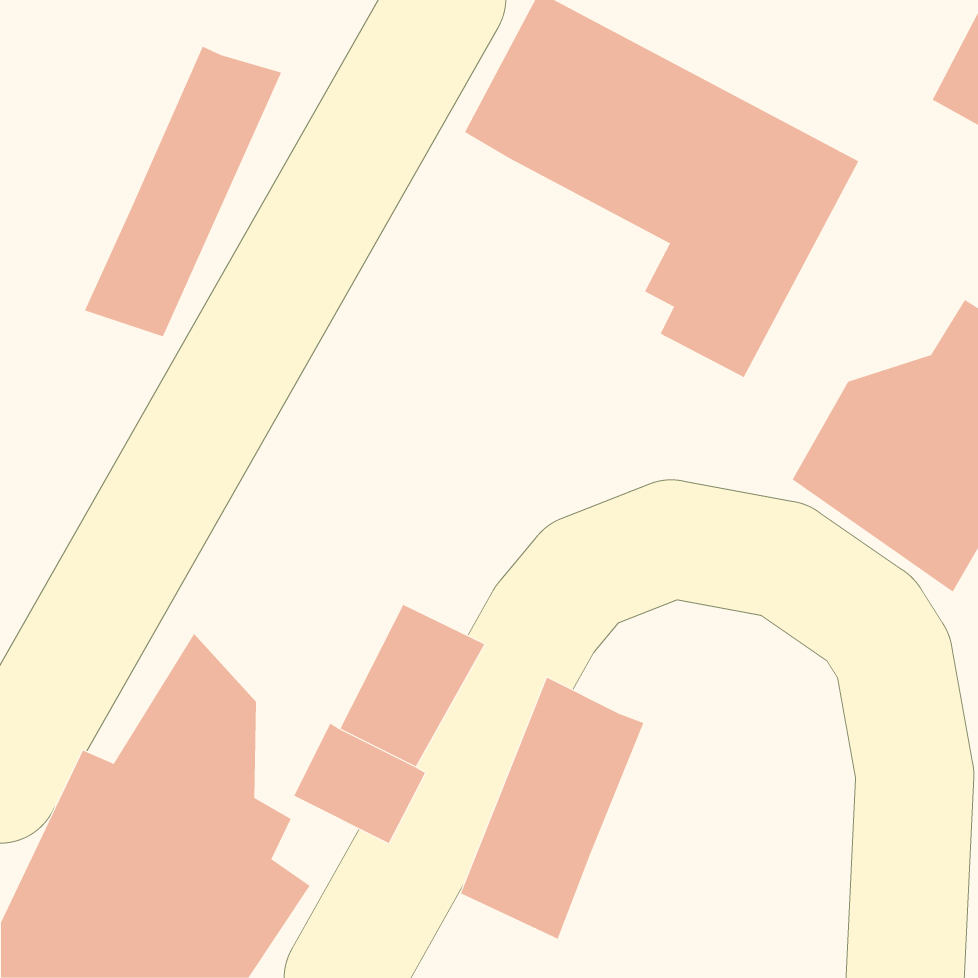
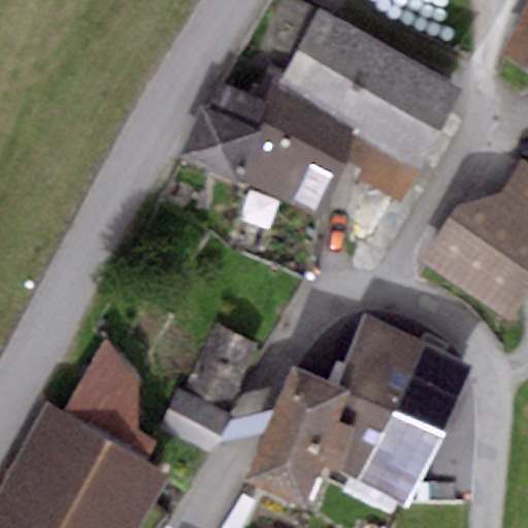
building: [84,46,282,337] -> none
building: none -> [179,82,361,219]
building: none -> [319,317,471,505]

